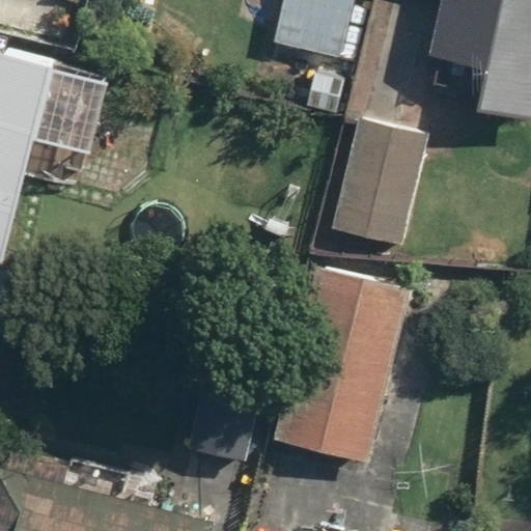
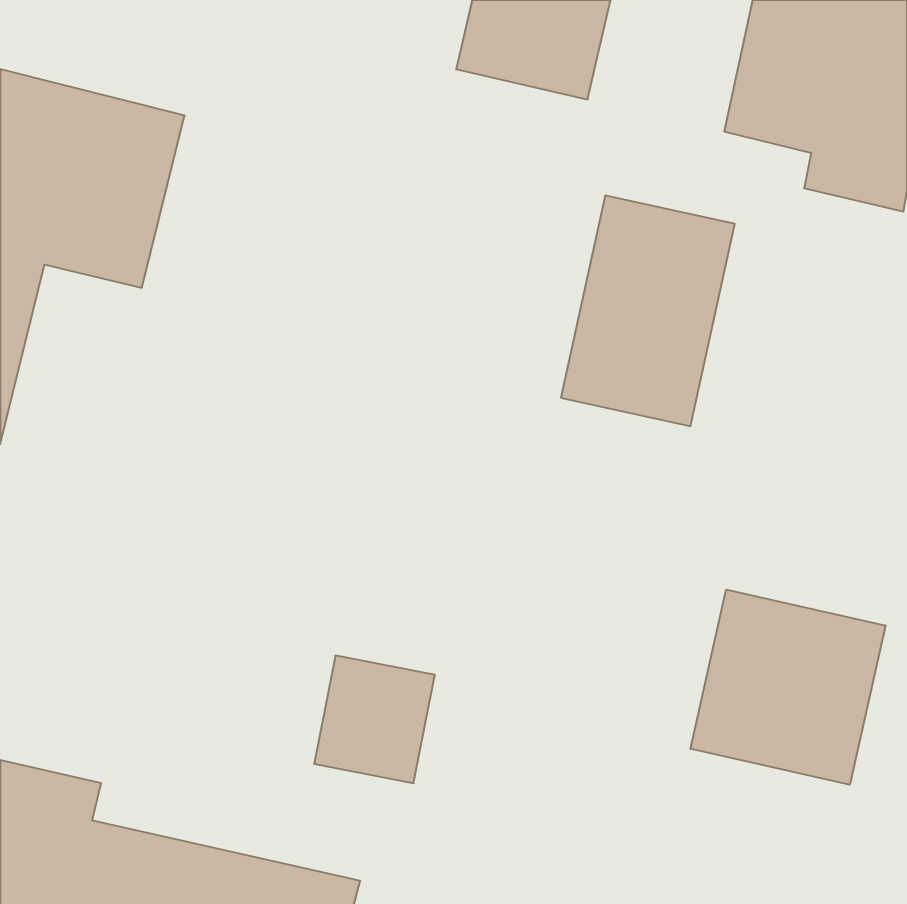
building: [268,263,408,462] -> none
building: none -> [690,590,886,785]

